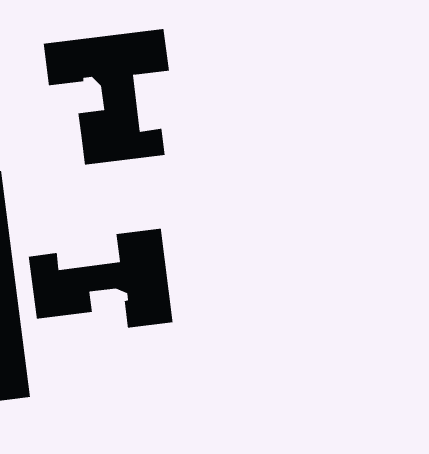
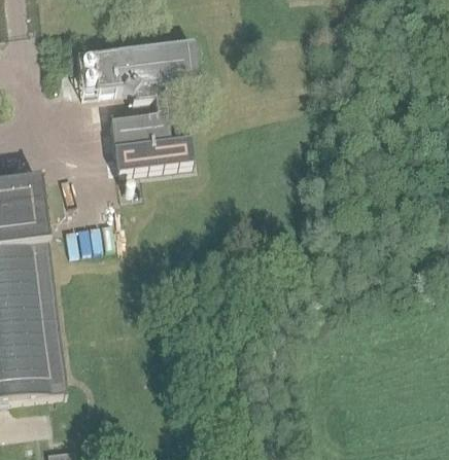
building: [28,228,173,328] -> none

